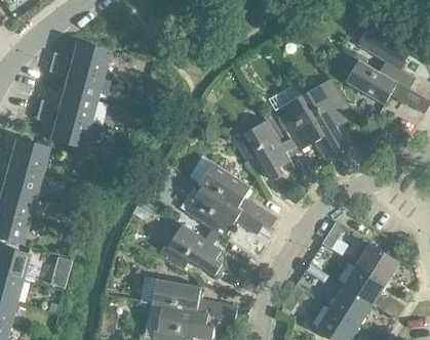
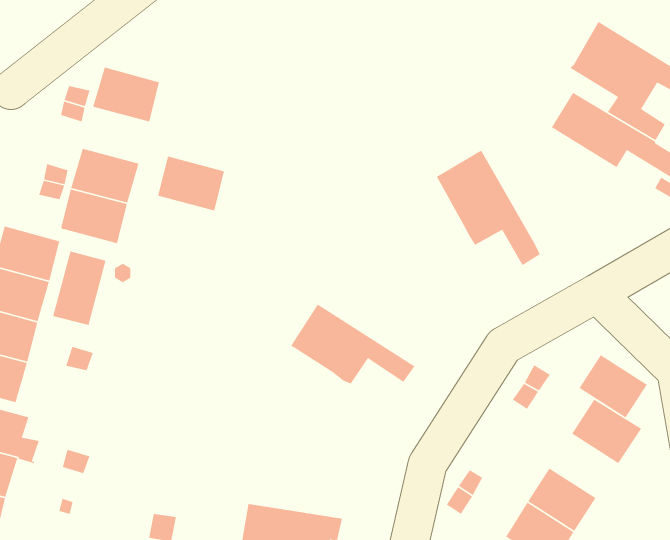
building: [62,68,103,101] -> [157,156,225,211]
building: [304,78,349,151] -> none
building: [233,119,297,180] -> none
building: none -> [52,251,107,326]
building: [200,162,279,229] -> none
building: [160,224,223,274] -> none
building: [345,265,387,304] -> [579,354,648,418]
building: [140,279,237,320] -> none

